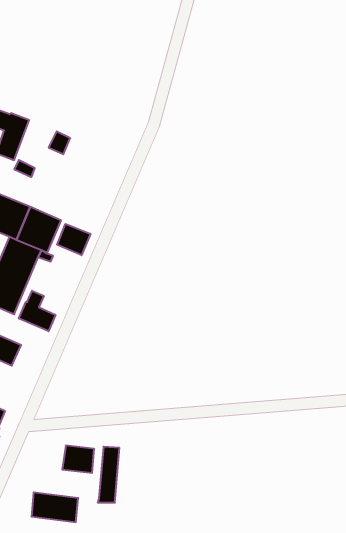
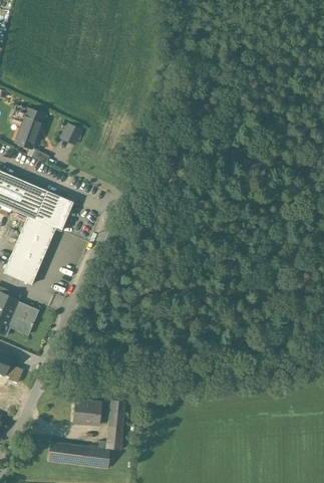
building: [57,224,90,255] -> none
building: [19,291,55,331] -> none
building: none -> [86,444,109,469]

